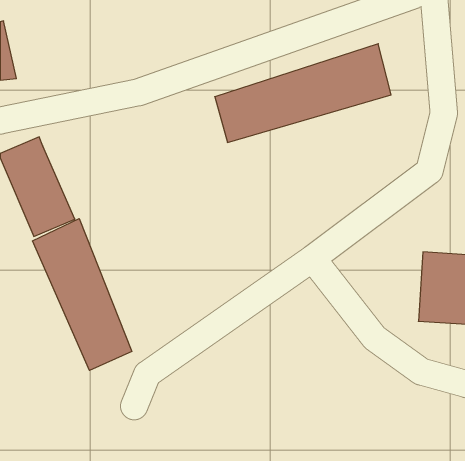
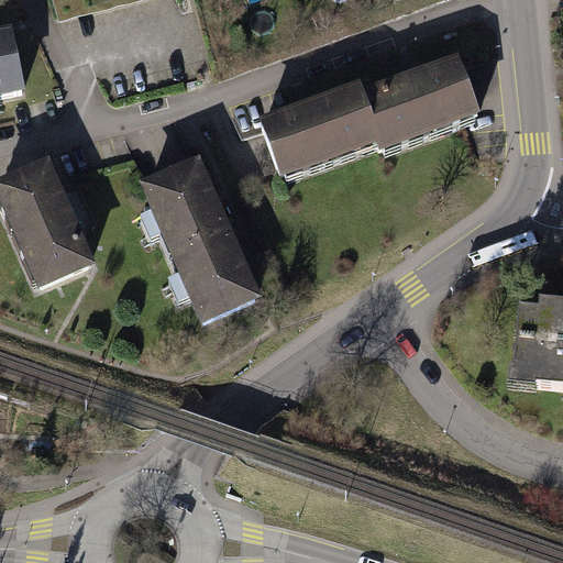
building: none -> [147,162,258,319]
building: [32,219,132,370] -> none

